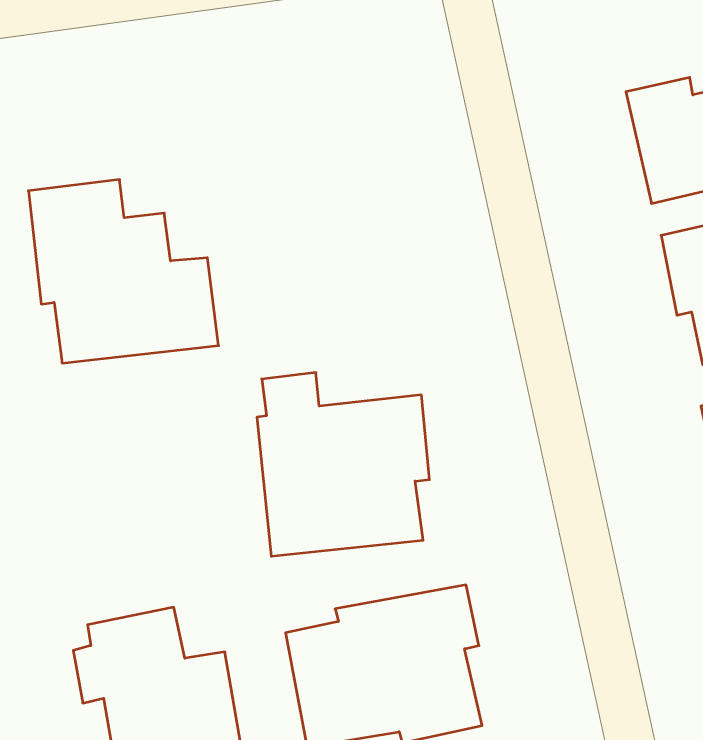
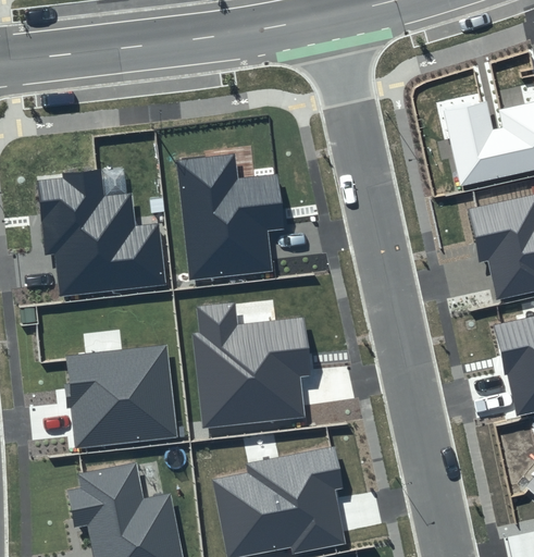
building: none -> [177,153,285,281]
building: none -> [65,344,179,448]

